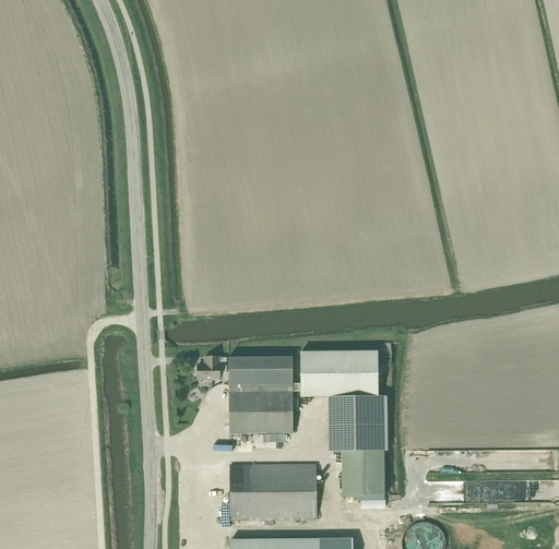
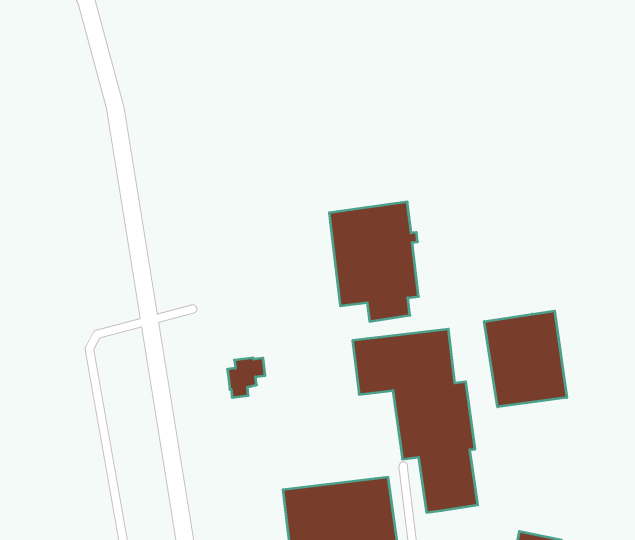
building: none -> [484,311,567,407]
building: [229,356,297,447] -> [329,202,419,321]

